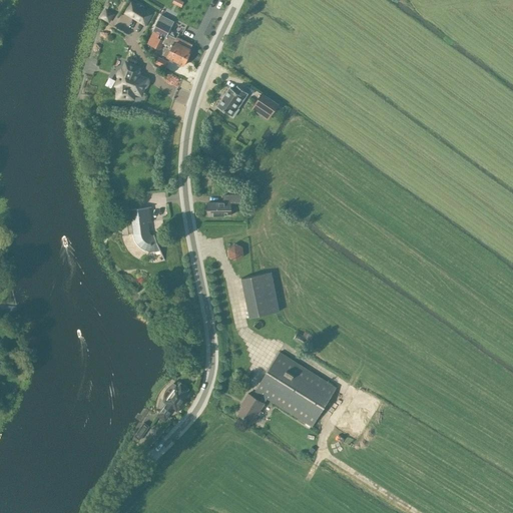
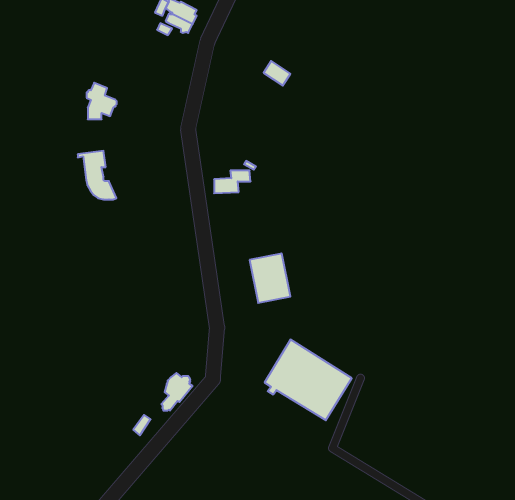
building: [118,63,146,97] -> [87,83,117,119]
building: [216,86,246,116] -> none
building: [124,206,160,251] -> [78,151,116,199]
building: [237,394,264,423] -> none

